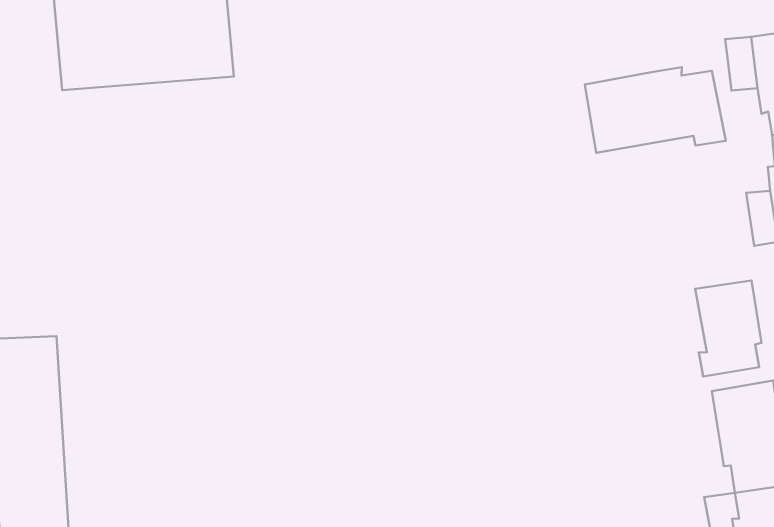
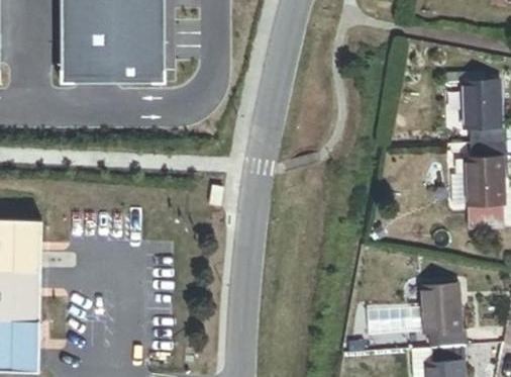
building: [585,67,726,153] -> none
building: [695,281,761,377] -> none

